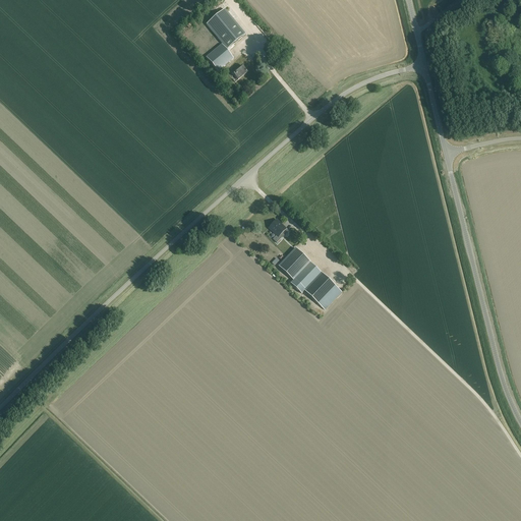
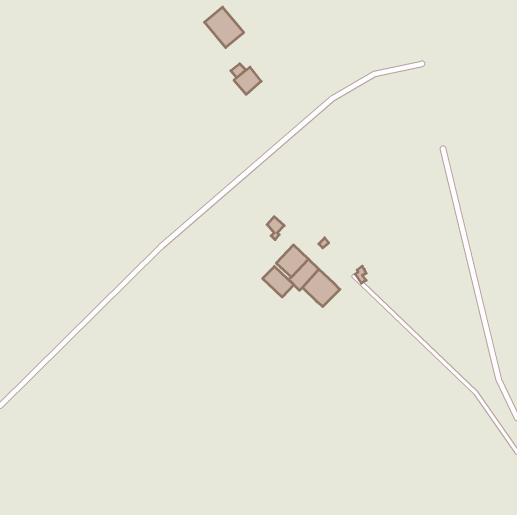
building: [206,43,233,70] -> [234,67,261,94]
building: none -> [263,266,294,297]

